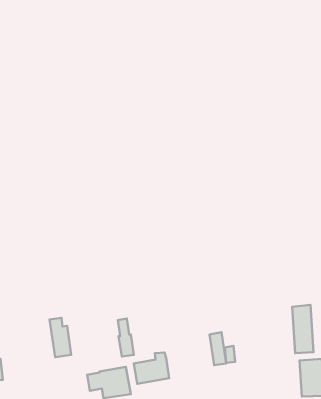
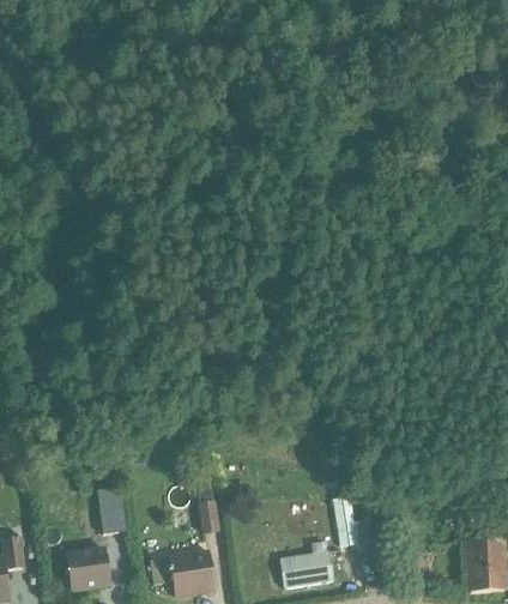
building: [292,305,313,353] -> none
building: [134,352,169,384] -> [280,542,333,588]
building: none -> [68,546,111,591]

